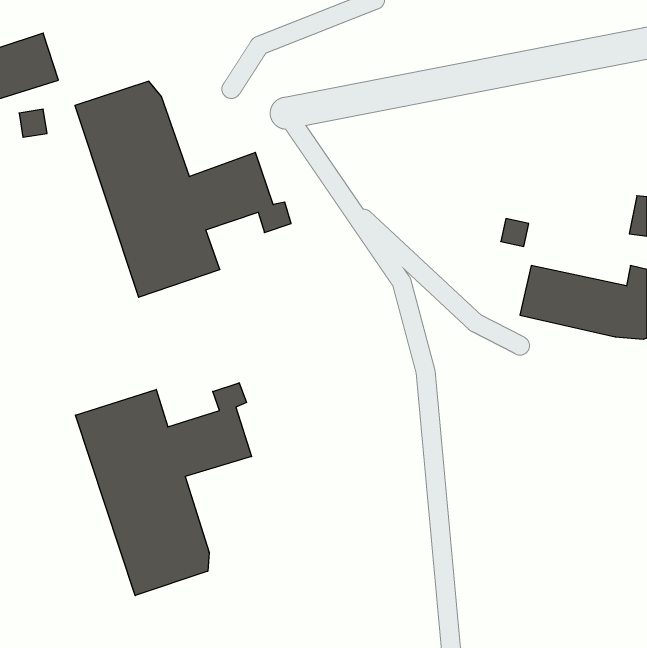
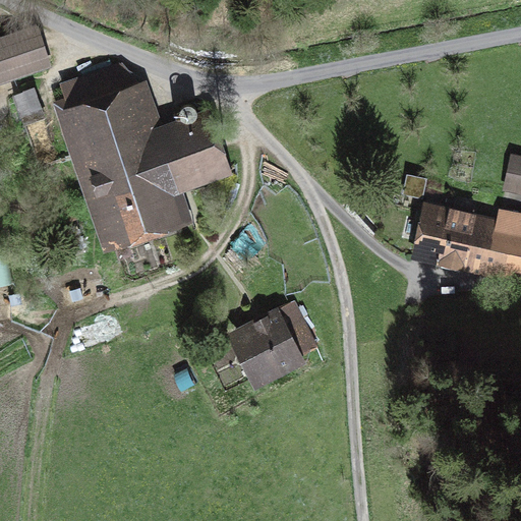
building: [75,383,252,596] -> none
building: none -> [236,308,313,385]

